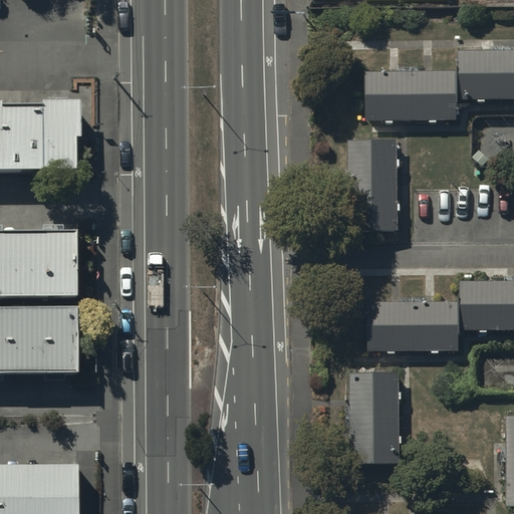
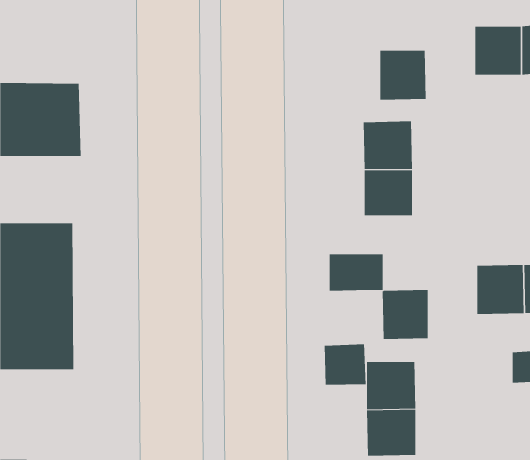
building: [411,71,458,118] -> none
building: none -> [329,254,383,291]
building: [414,302,461,349] -> none
building: none -> [324,343,366,386]

